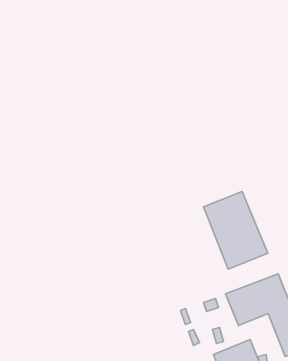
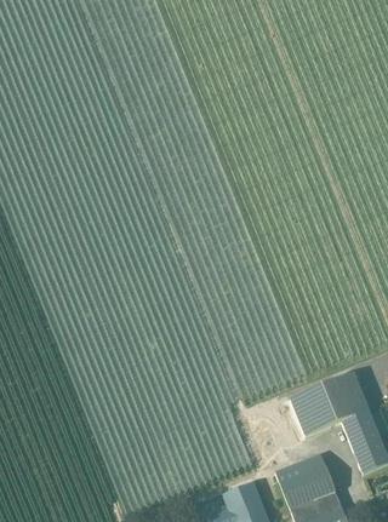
building: [203,191,268,269] -> none

